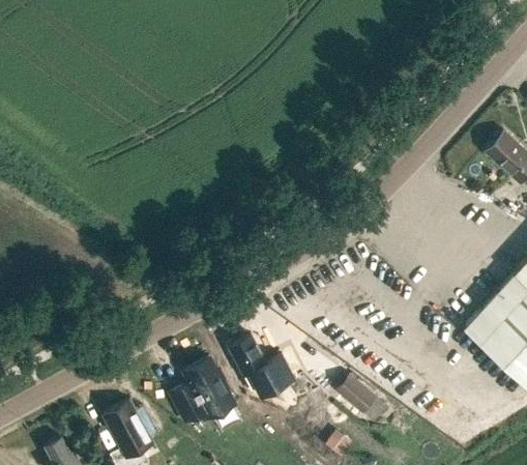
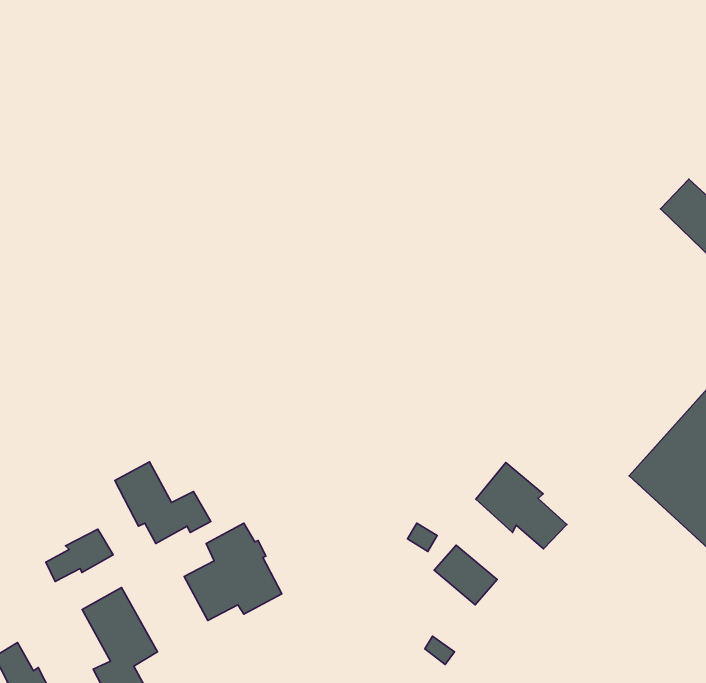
building: none -> [476,462,567,549]
building: [231,336,294,389] -> [115,462,211,543]
building: none -> [46,529,113,582]

